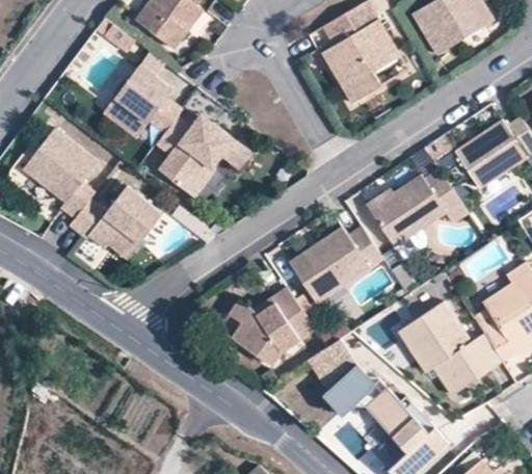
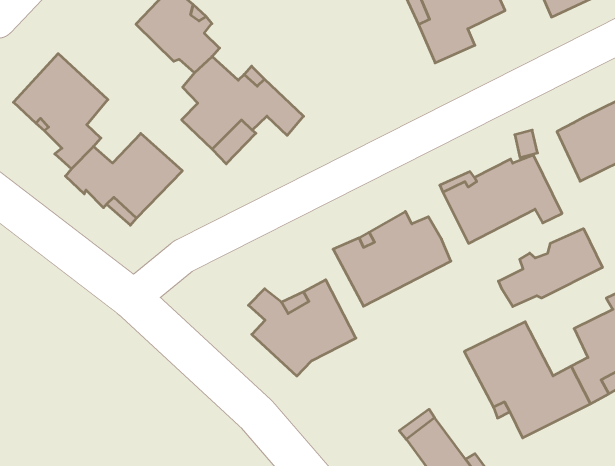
building: none -> [498,229,602,307]
building: [300,338,368,402] -> none

